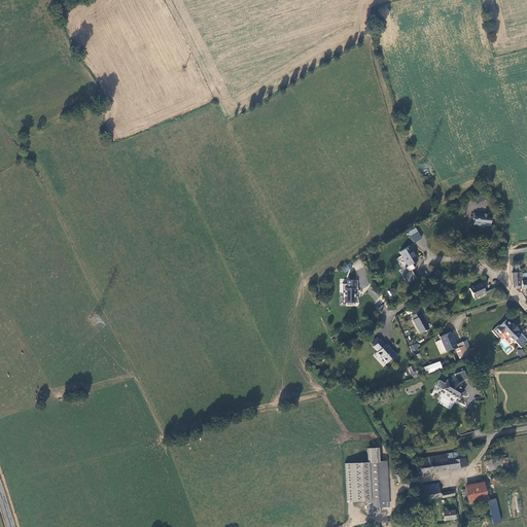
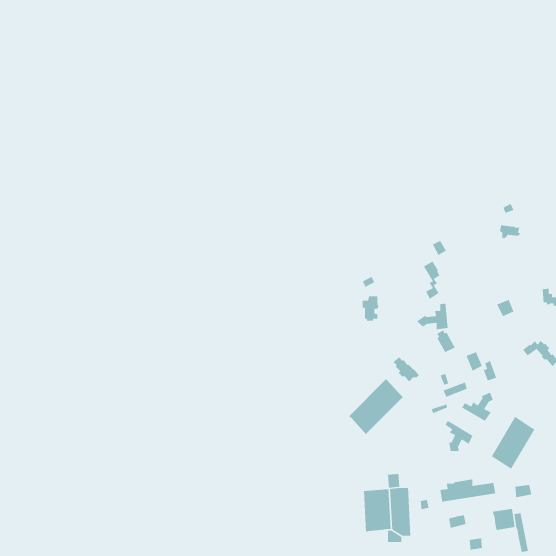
building: none -> [416,303,448,330]
building: none -> [348,378,403,435]
building: none -> [491,416,535,470]
building: none -> [445,420,474,452]

